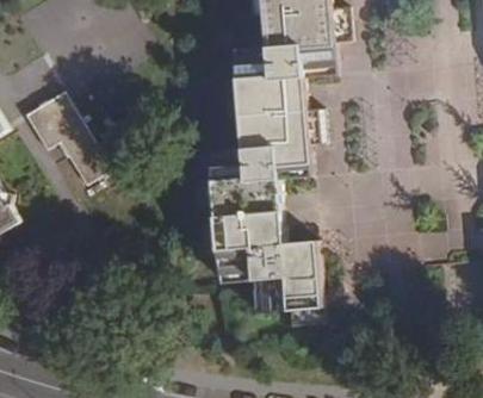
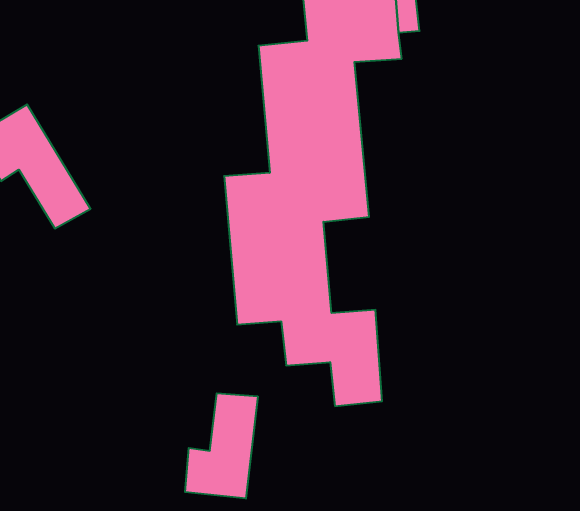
building: none -> [185,393,258,499]

